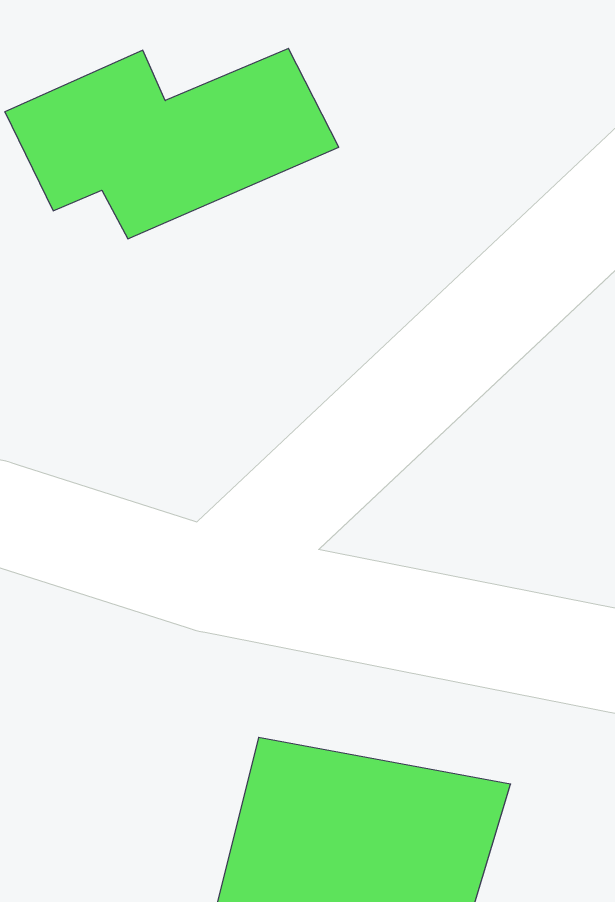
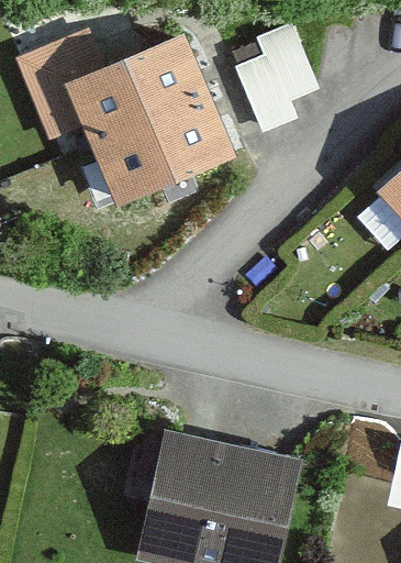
building: none -> [241,14,325,123]
building: none -> [86,87,237,210]

